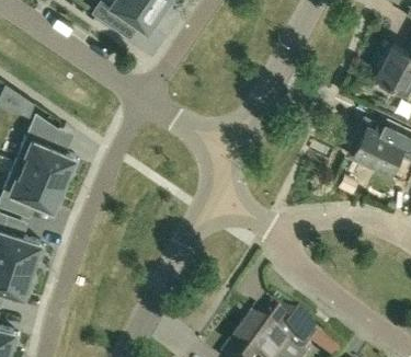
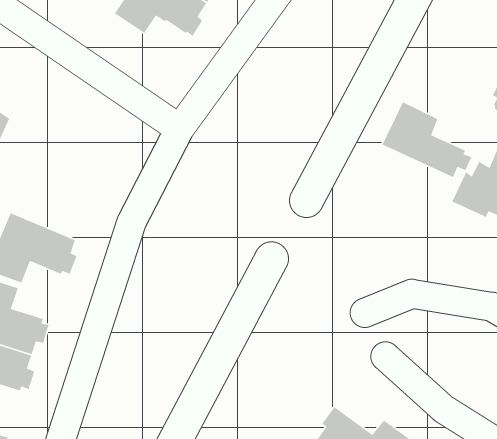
building: none -> [382,101,472,178]
building: [15,113,80,183] -> none

